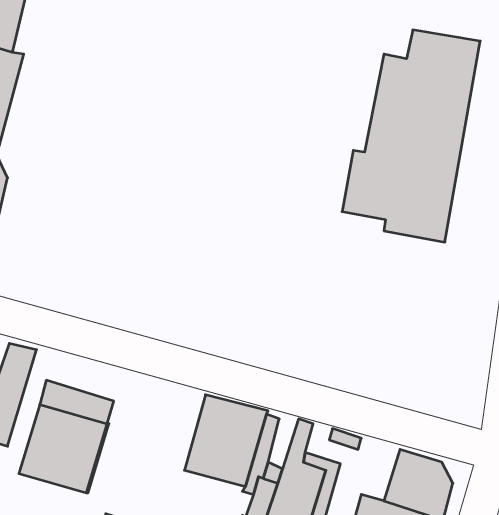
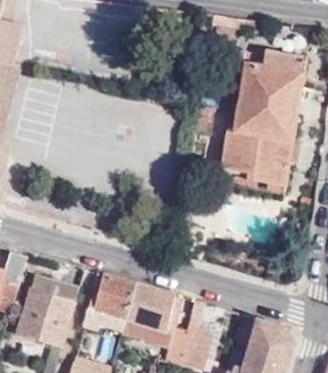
building: none -> [80,274,134,333]

